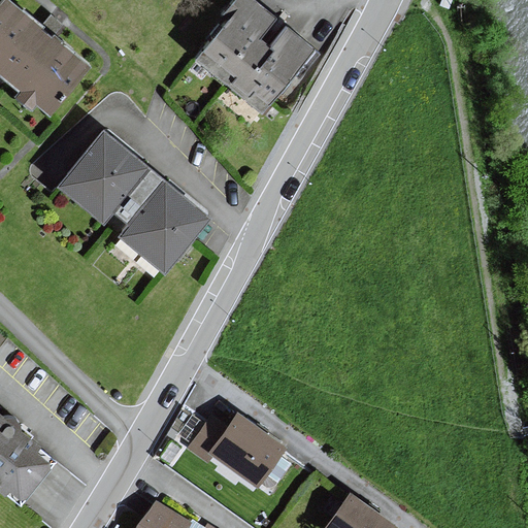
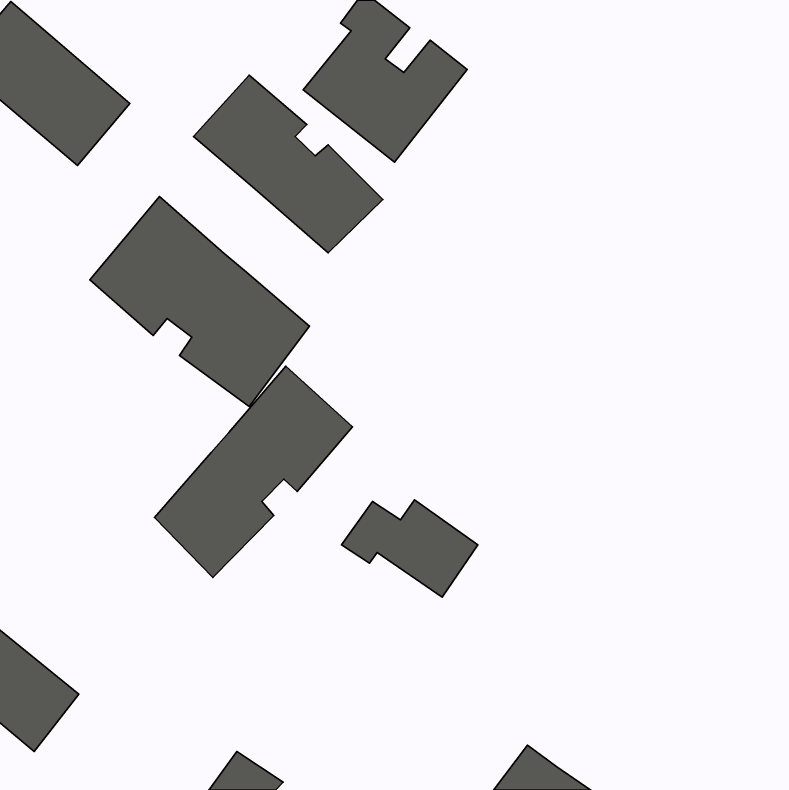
building: none -> [194,75,383,253]
building: none -> [154,366,353,578]
building: [190,418,280,483] -> [342,500,478,597]

